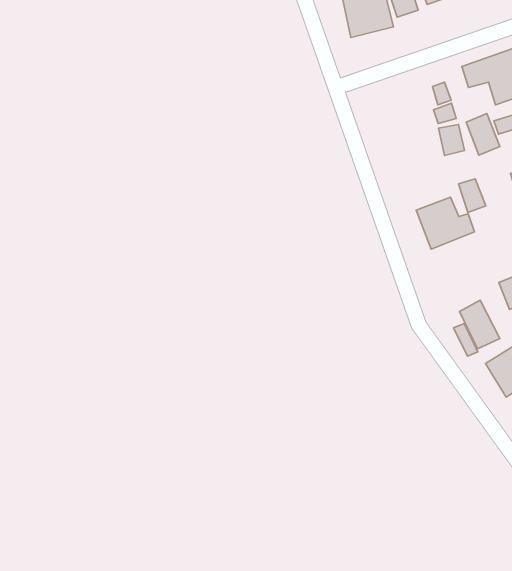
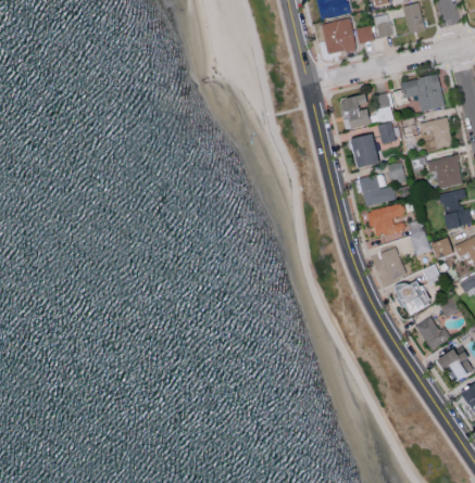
building: none -> [339,94,370,128]
building: none -> [349,134,378,168]
building: none -> [368,203,407,238]

